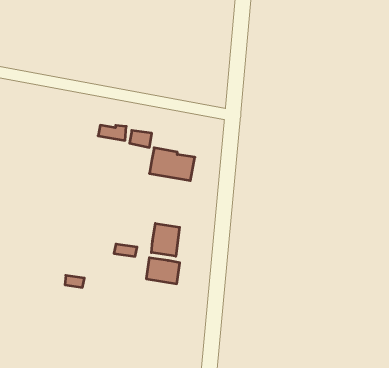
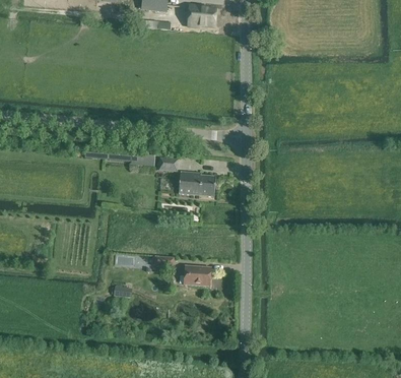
building: [151,223,180,256] -> none

